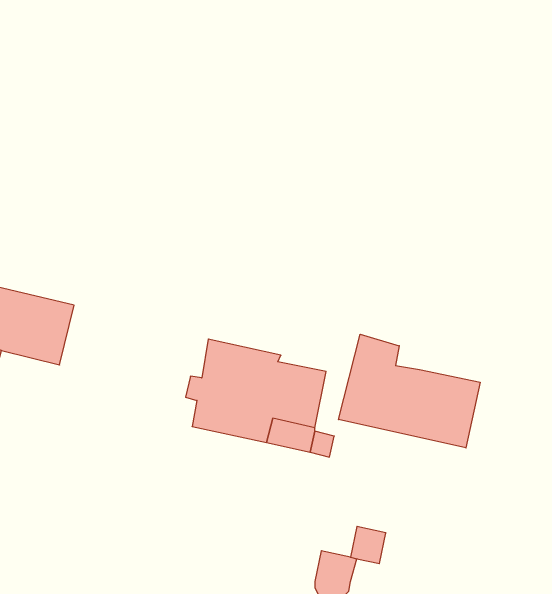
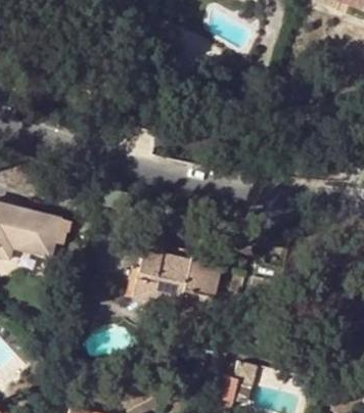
building: [339,334,480,448] -> none

